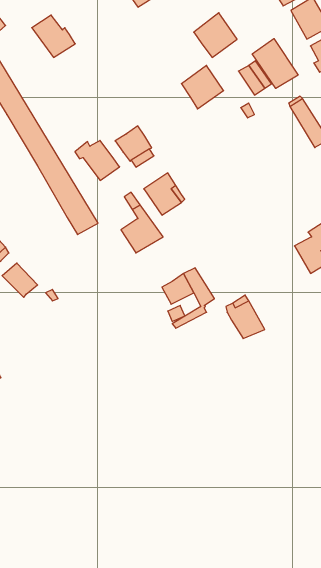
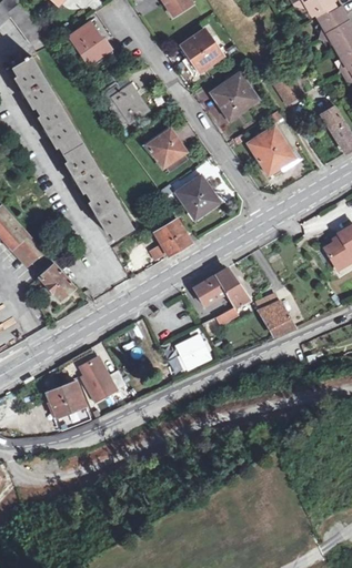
building: [194,13,237,57] -> [179,27,221,70]
building: [252,39,298,88] -> none
building: none -> [245,125,292,173]
building: [75,140,120,180] -> [103,83,147,122]
building: none -> [175,337,208,369]
building: none -> [81,357,127,402]
building: none -> [49,384,91,432]

